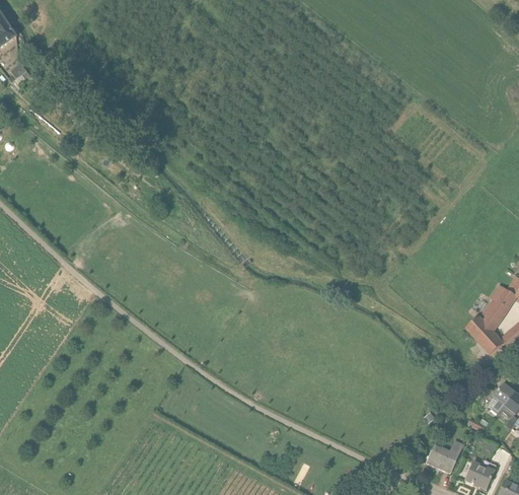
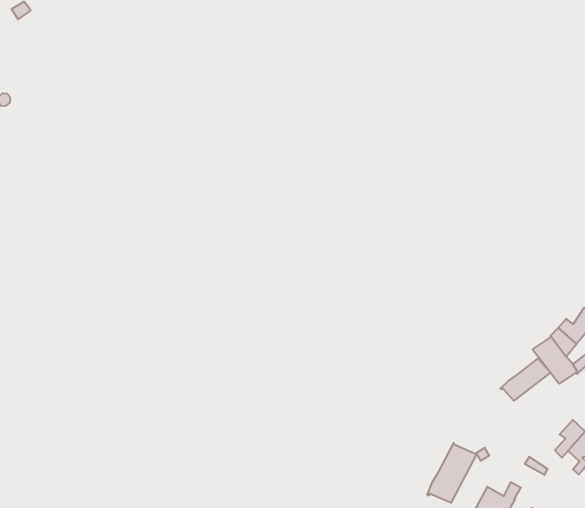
building: none -> [500,358,551,401]
building: none -> [427,443,477,503]

